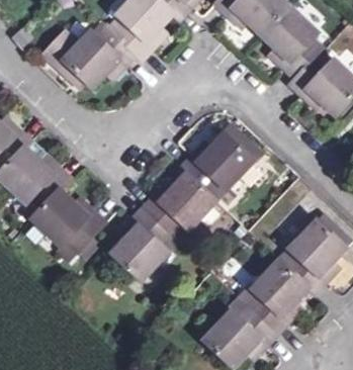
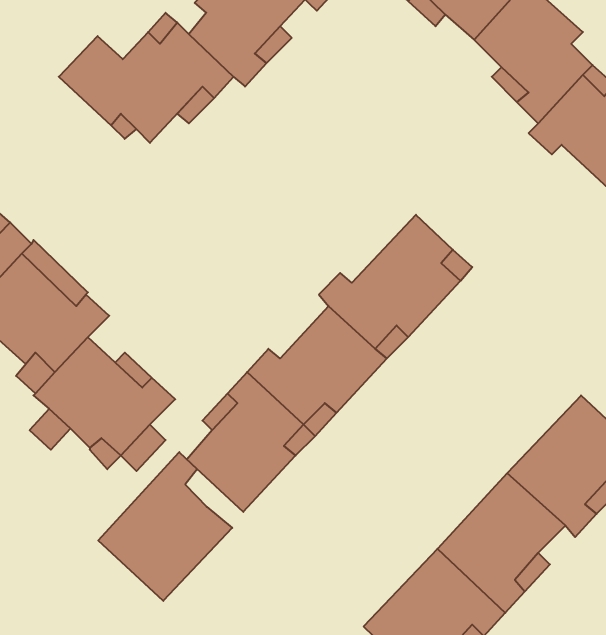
building: none -> [98,452,232,601]

